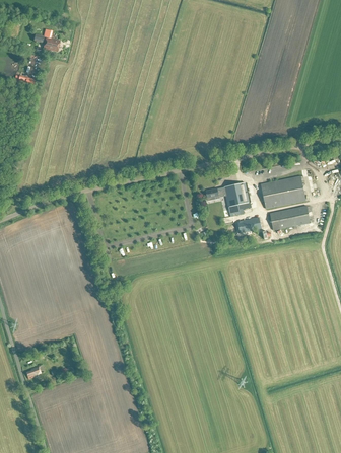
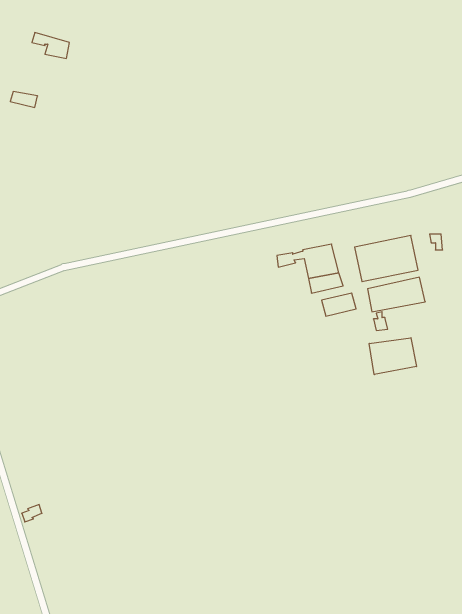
building: none -> [369,338,416,375]

